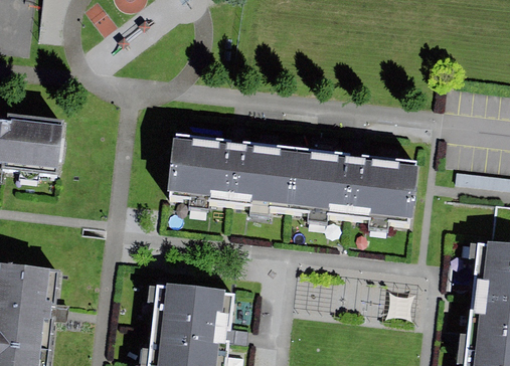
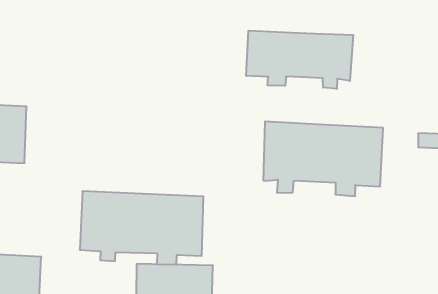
building: none -> [246,31,353,89]
building: [170,135,300,216] -> [80,191,203,265]

